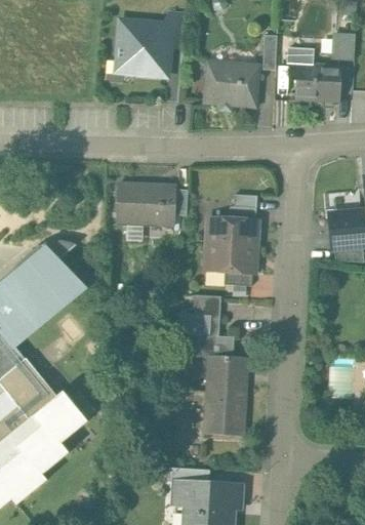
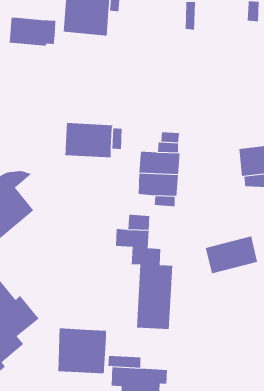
building: [287,47,339,100] -> none
building: none -> [9,17,56,46]
building: [203,59,259,107] -> none
building: none -> [205,235,258,274]
building: none -> [58,328,106,374]

